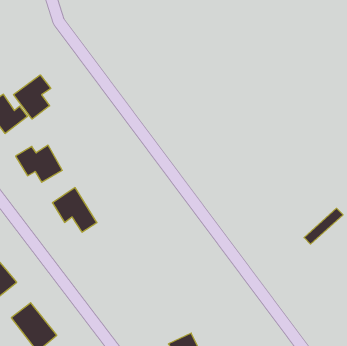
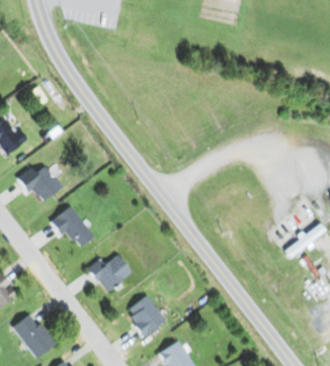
building: [14,75,51,119] -> none
building: none -> [87,255,131,292]
building: none -> [127,295,165,335]

